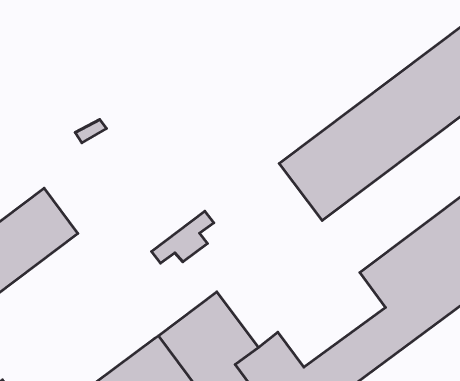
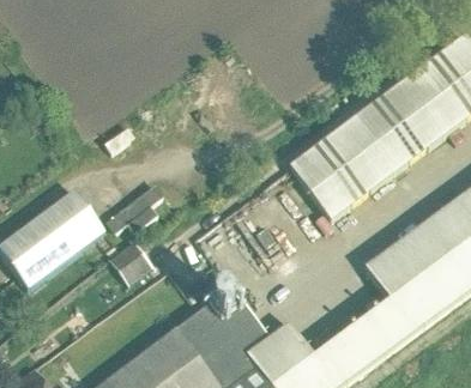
building: [152,211,214,263] -> [105,184,163,232]
building: none -> [108,242,151,286]

